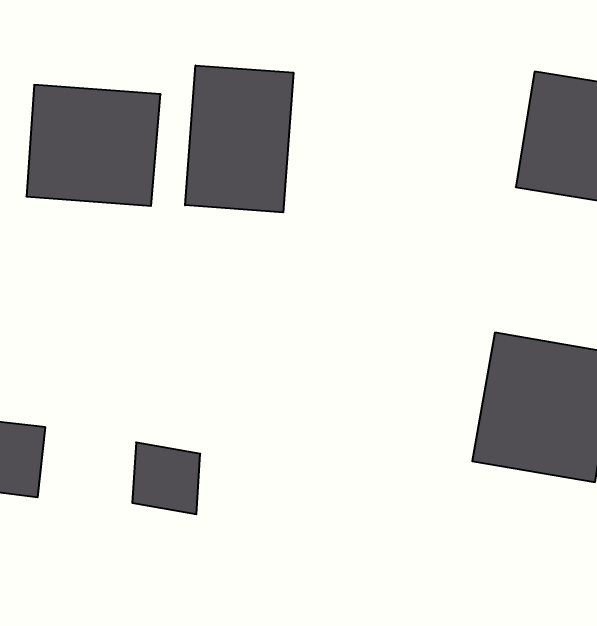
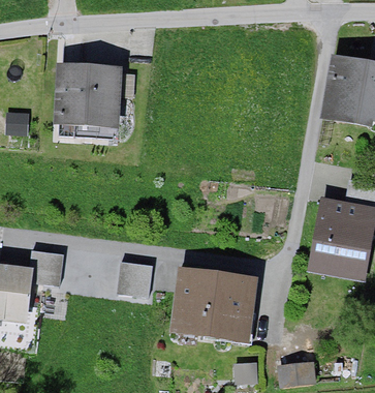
building: [185,65,293,212] -> none
building: none -> [171,264,259,342]

